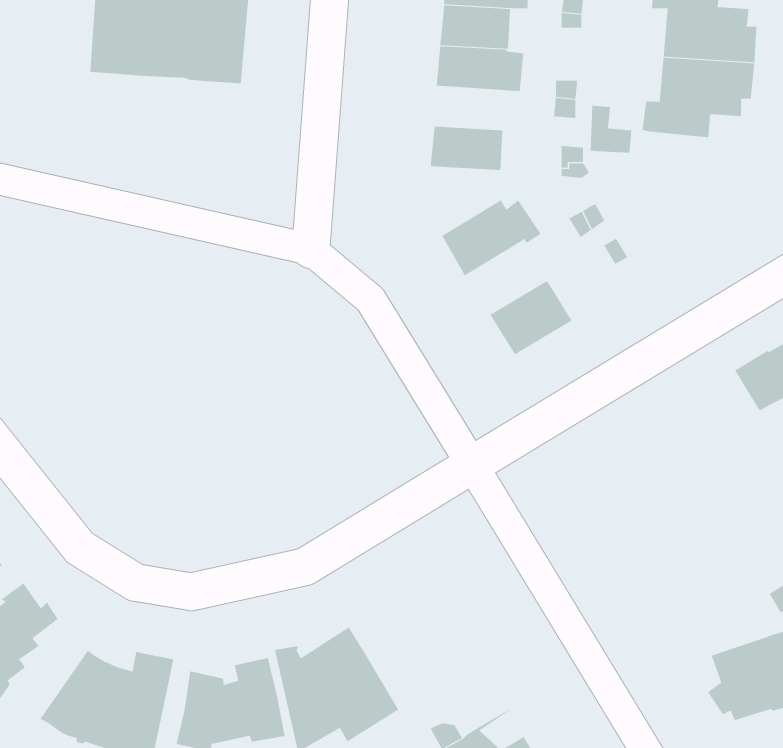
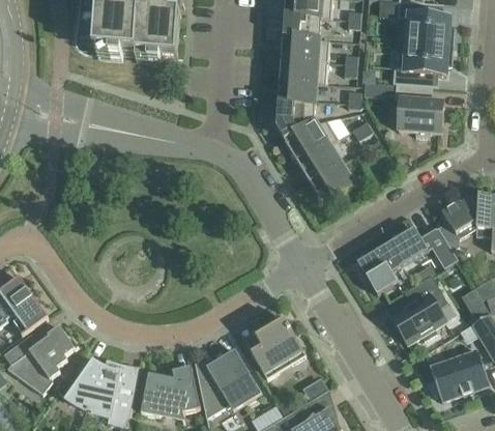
building: none -> [280,58,326,83]
building: none -> [395,83,443,133]
building: none -> [275,102,316,139]
building: none -> [296,141,341,181]
building: none -> [358,227,458,294]
building: none -> [390,276,447,344]
building: none -> [248,315,305,378]

